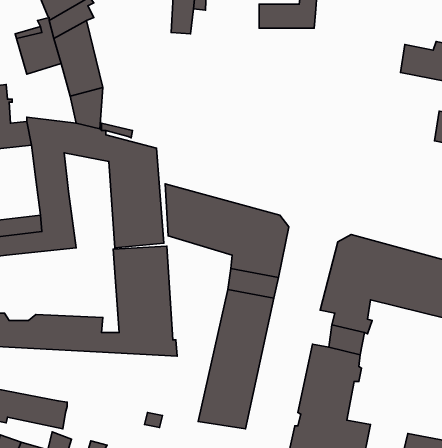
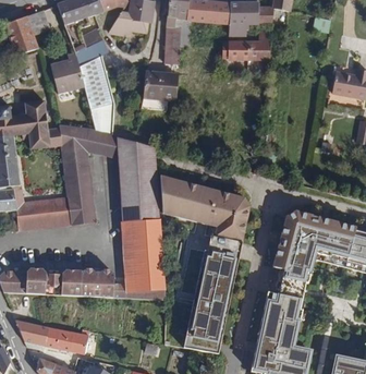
building: none -> [142,72,178,110]

